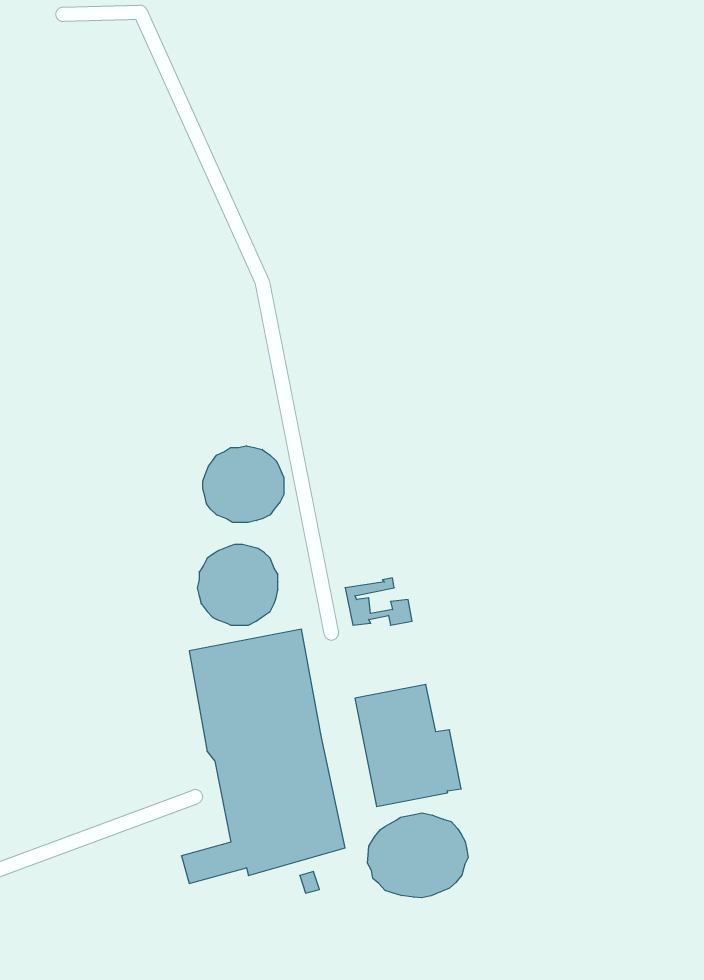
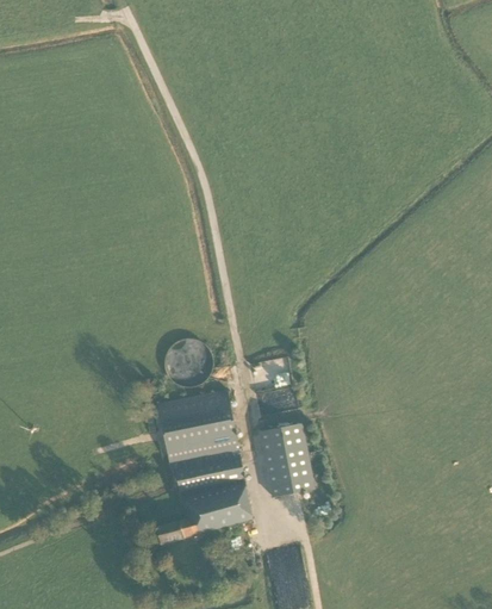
building: [203,446,284,522] -> none
building: [367,813,468,898] -> none

